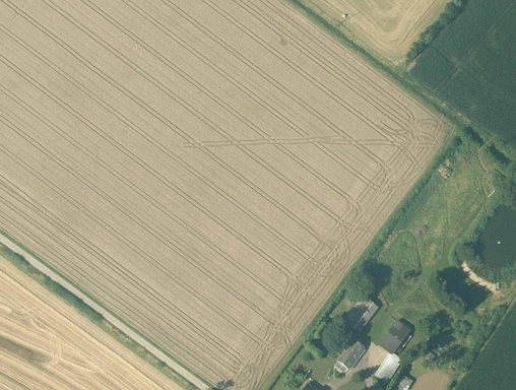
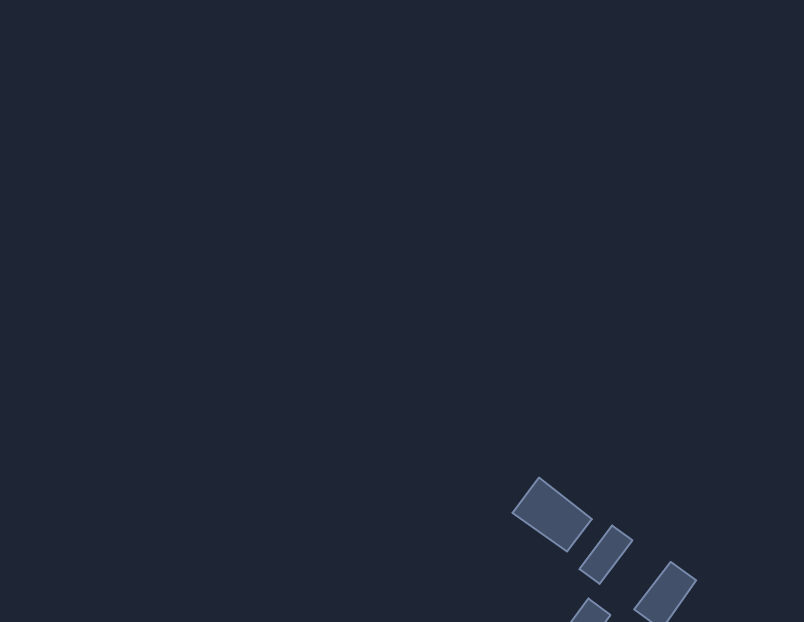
building: none -> [512,478,592,552]

